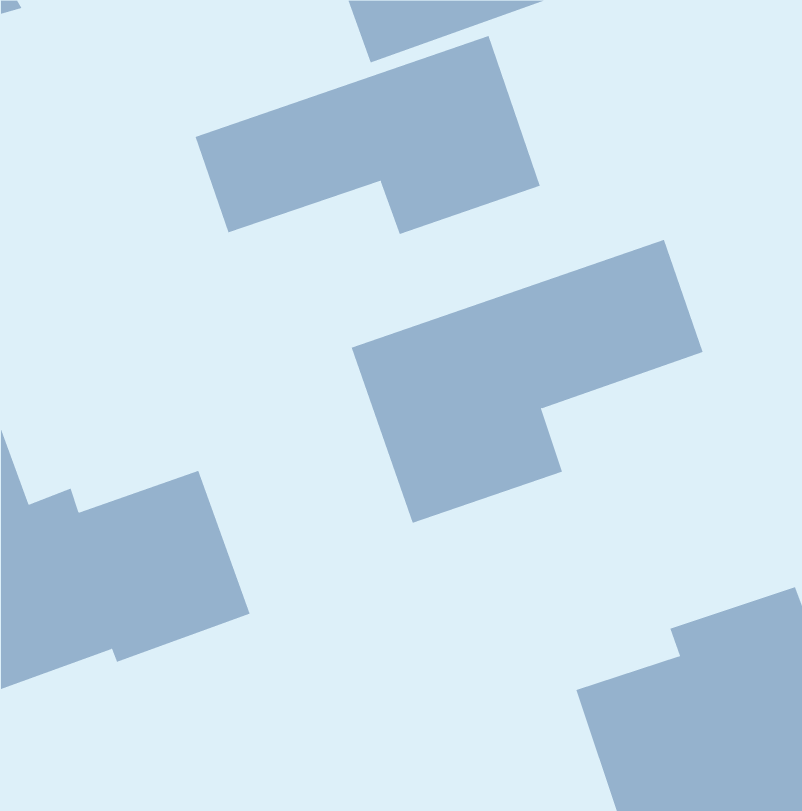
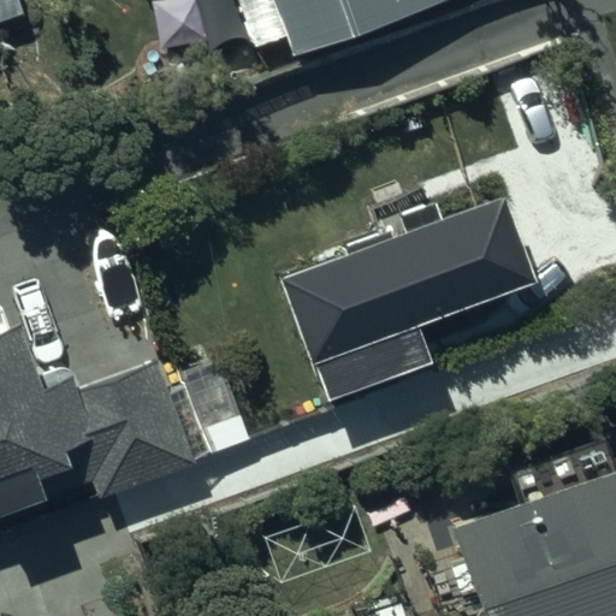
building: [195,35,540,235] -> none

